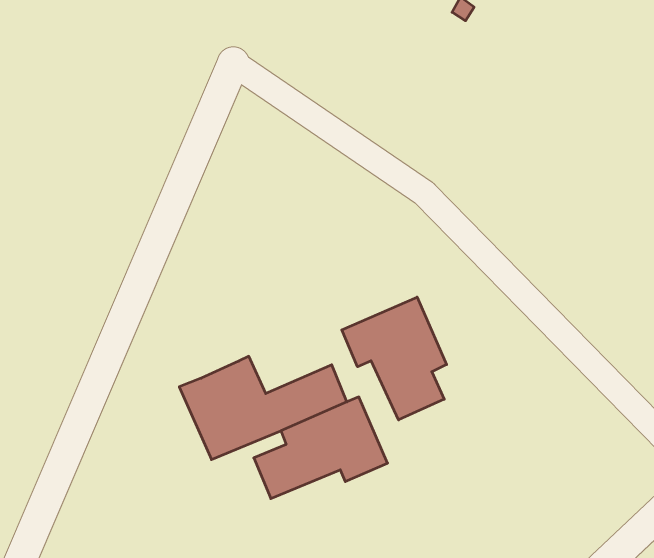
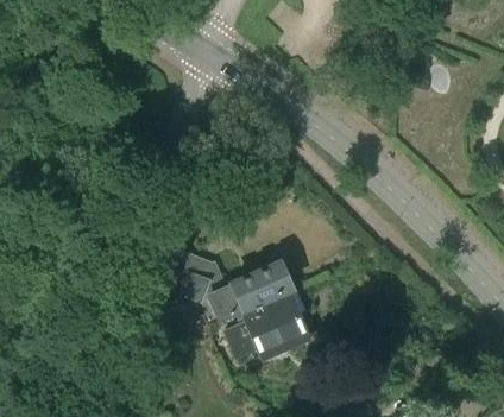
building: [342,297,447,420] -> none

